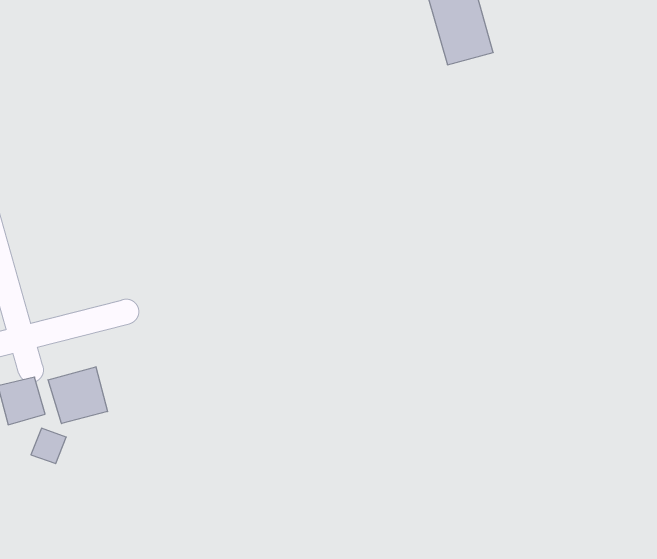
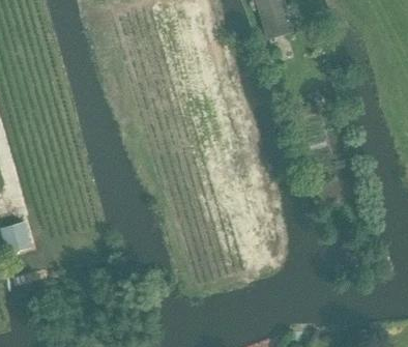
building: [48,367,108,424] -> none

